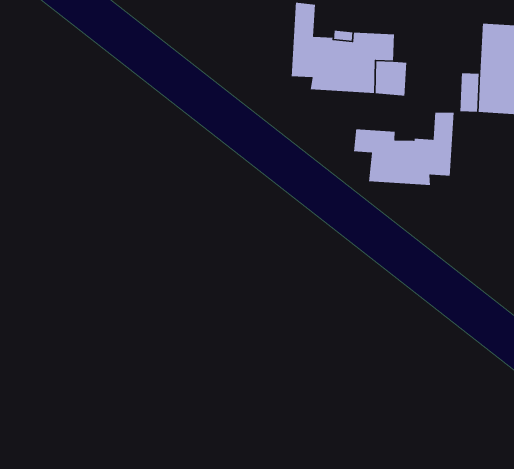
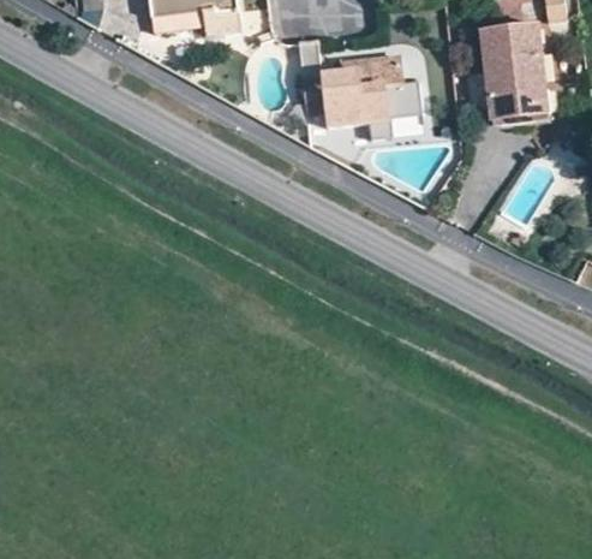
building: [353,112,455,186] -> none

